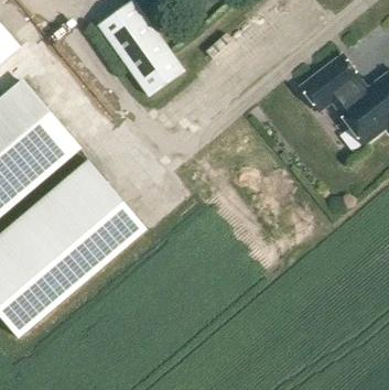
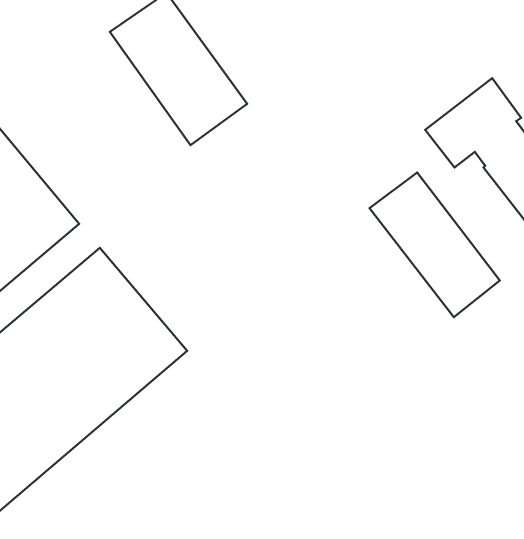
building: none -> [370,172,500,317]

